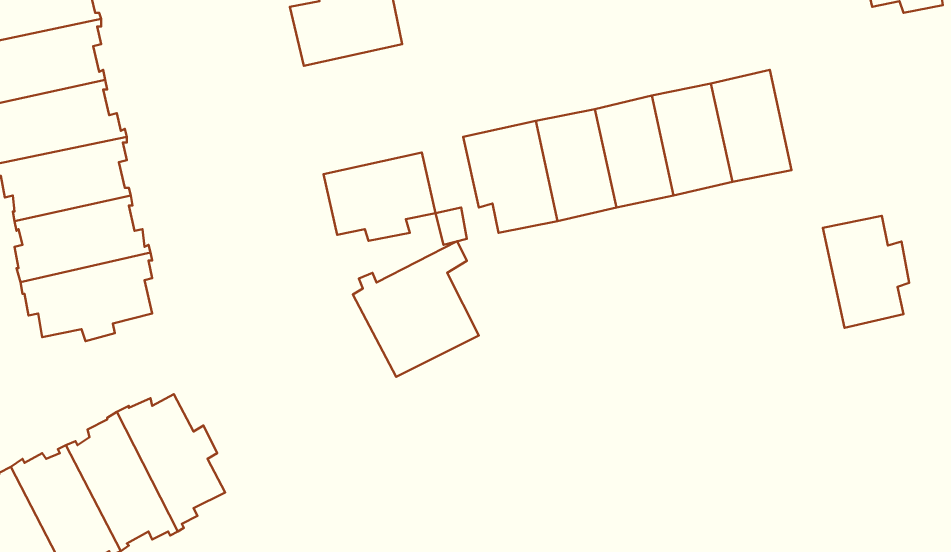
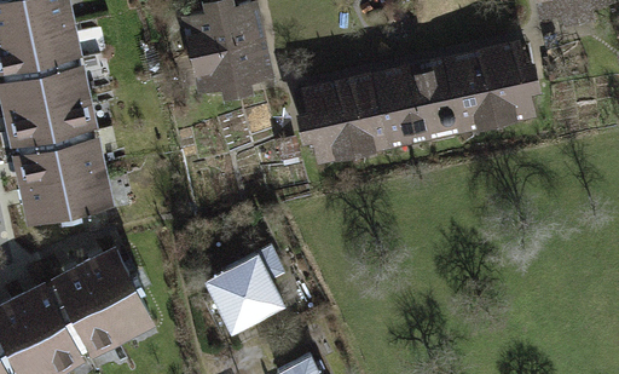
building: [323,152,435,241] -> [197,40,266,94]
building: [823,216,909,328] -> [484,48,537,117]
building: [353,241,479,377] -> [206,248,283,332]

